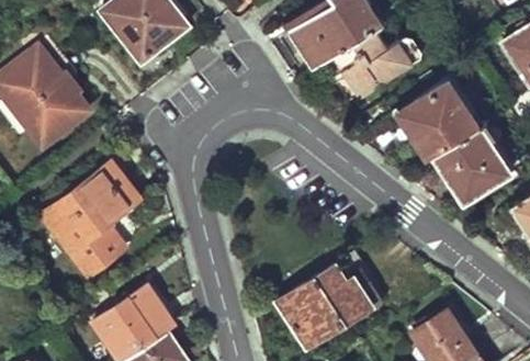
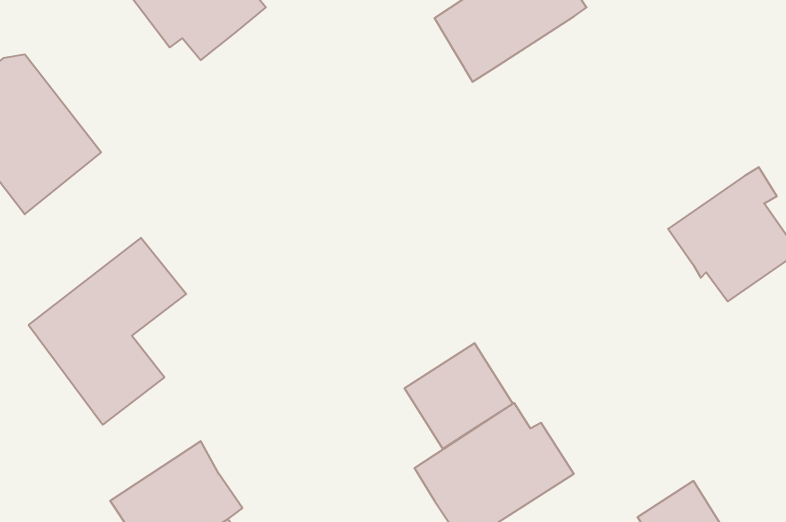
building: [325,29,413,98] -> none
building: [397,80,477,159] -> none
building: none -> [405,343,513,449]

